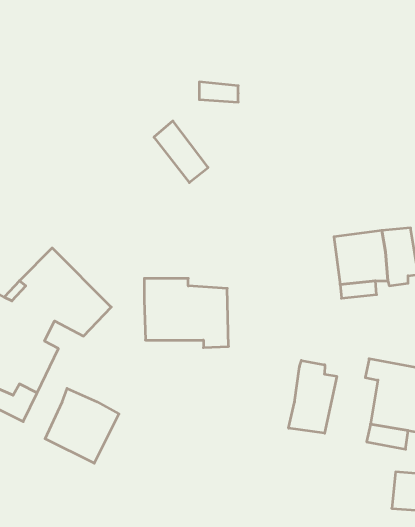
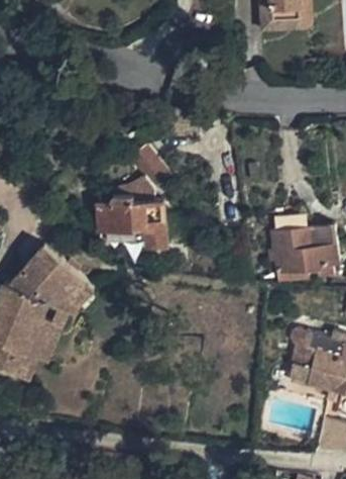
building: [144,278,229,348] -> [101,191,168,247]
building: [289,360,337,433] -> none
building: [45,388,119,463] -> none

